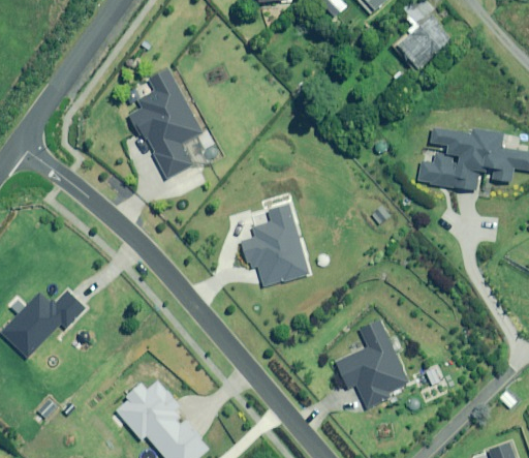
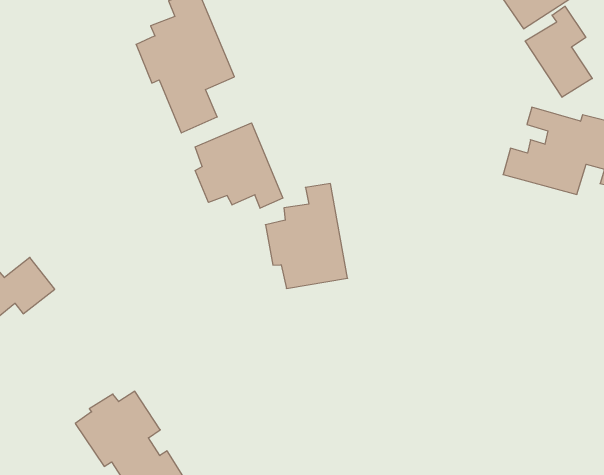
building: none -> [525,6,592,97]
building: none -> [195,123,283,208]
building: [335,319,408,409] -> none

